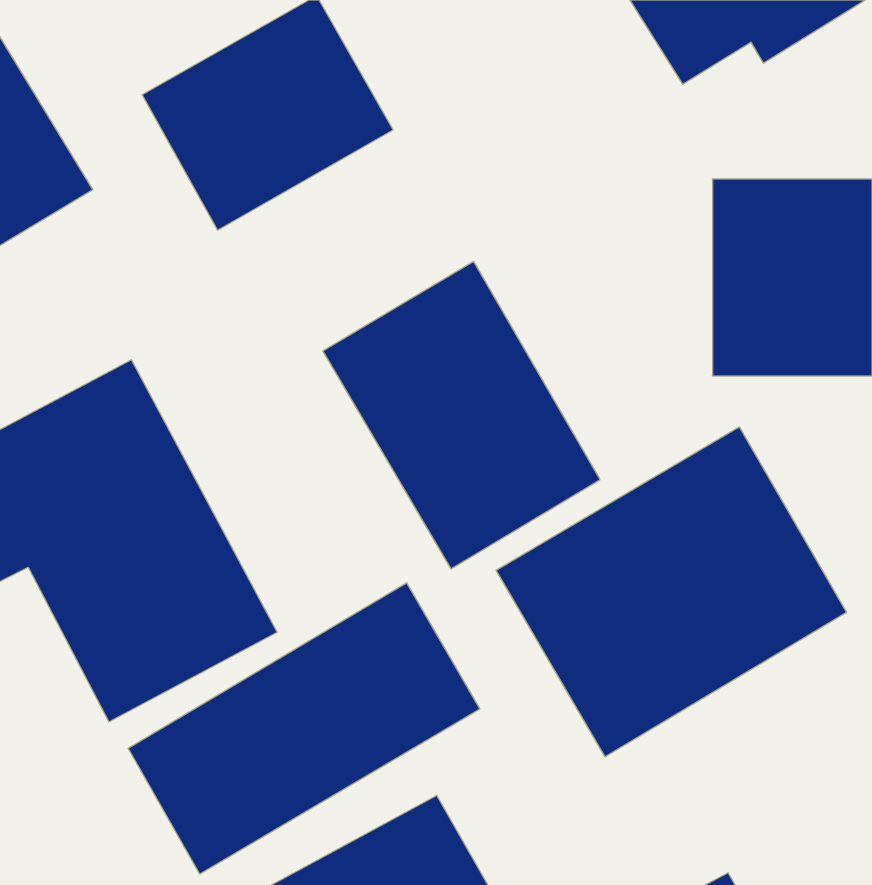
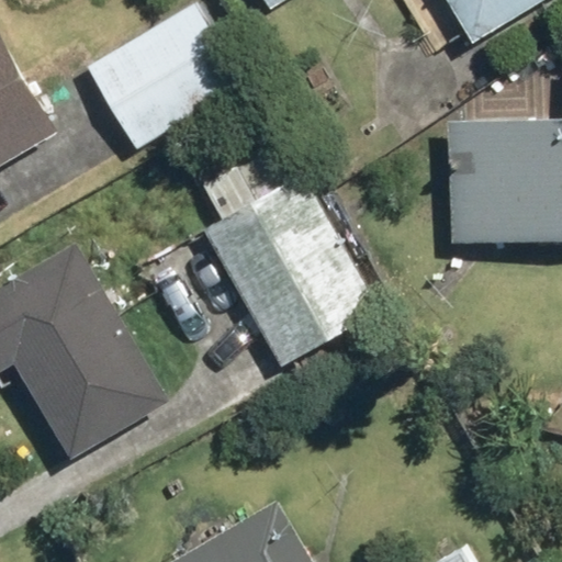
building: [496,427,846,757] -> none
building: [128,583,480,874] -> none

